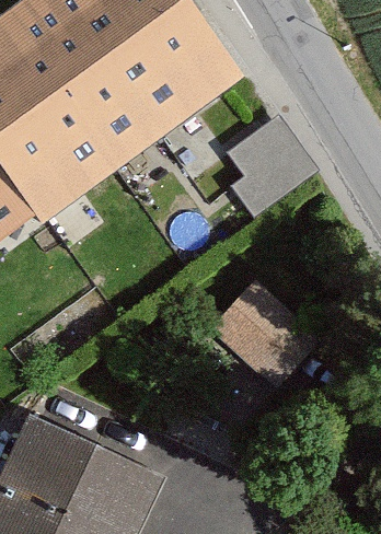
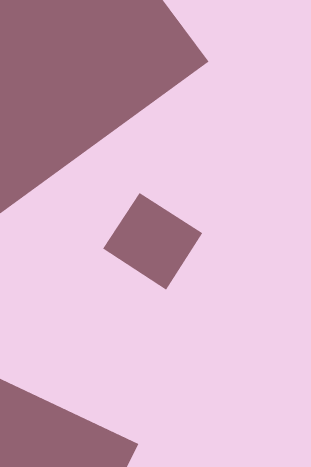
building: [224,111,320,206] -> none
building: [210,271,319,376] -> [102,192,203,290]

